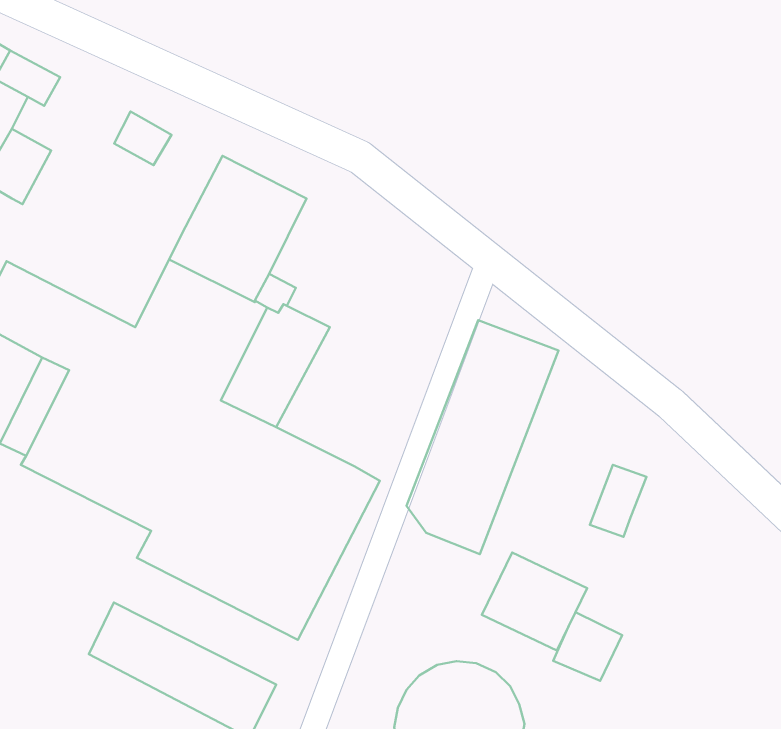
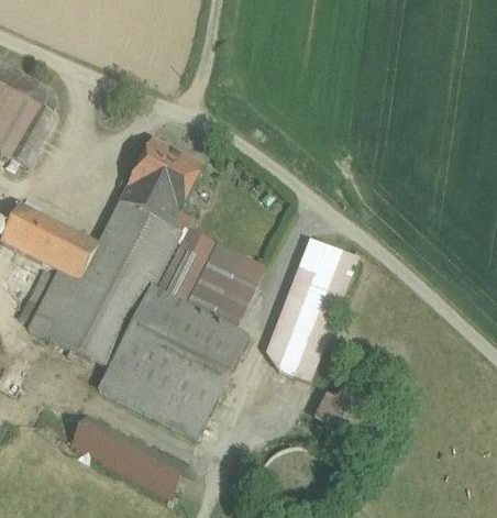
building: [114,111,171,165] -> [21,101,56,134]
building: none -> [184,243,263,329]
building: [590,465,647,537] -> none
building: [553,612,622,681] -> none

